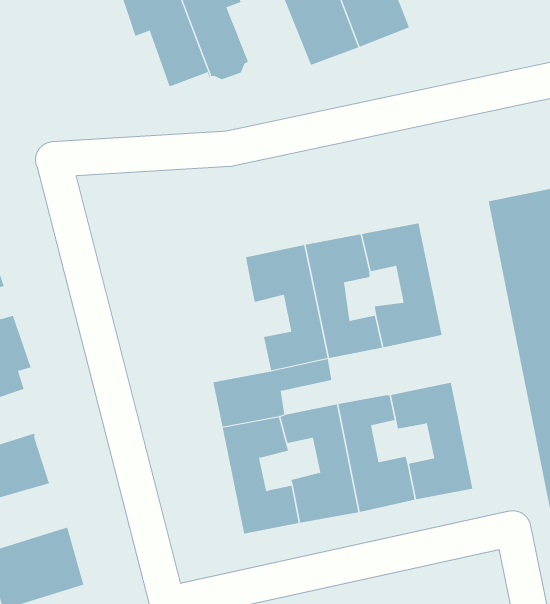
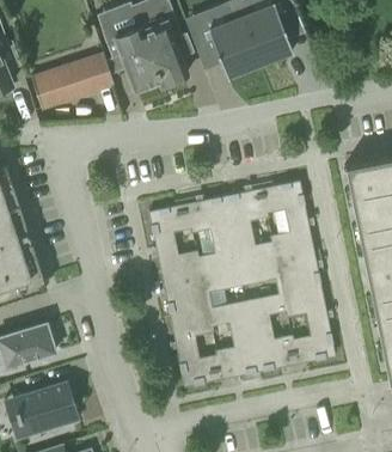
building: none -> [30,54,114,110]
building: none -> [148,204,201,287]
building: none -> [239,256,320,295]

